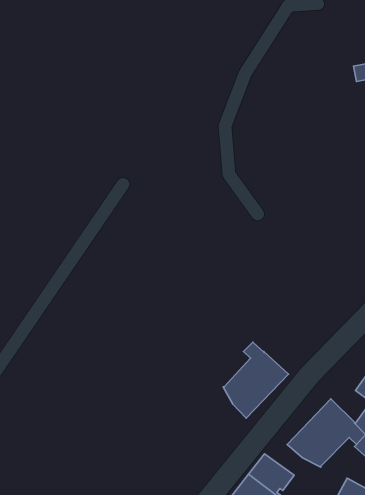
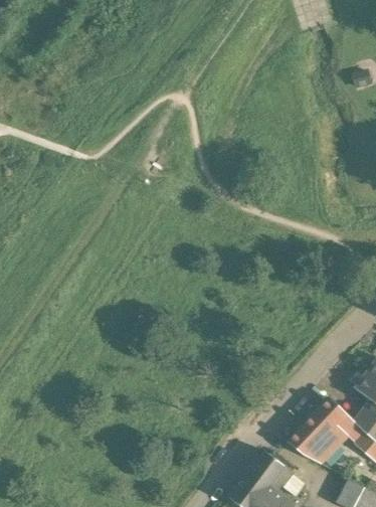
building: [223,342,289,418] -> none

